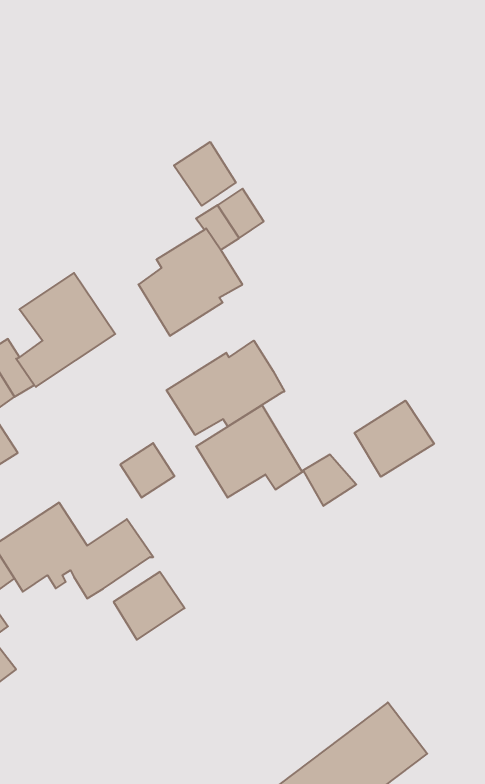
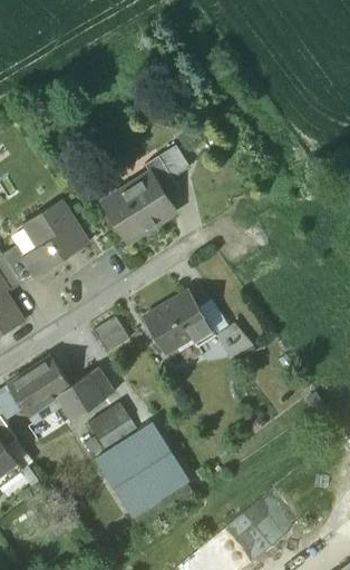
building: [174,142,236,206] -> none
building: [167,341,284,435] -> none
building: [355,401,434,477] -> none
building: none -> [95,423,187,515]

